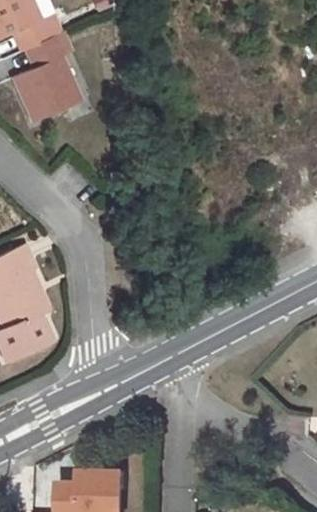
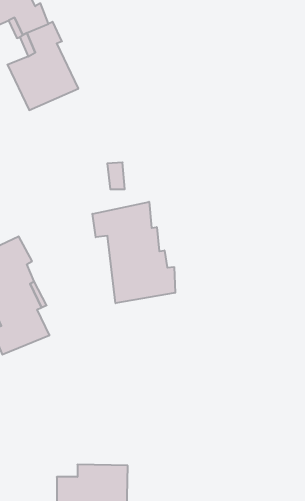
building: none -> [92,202,175,303]

